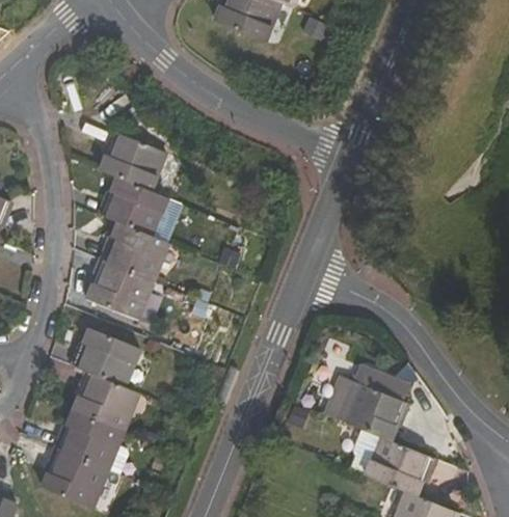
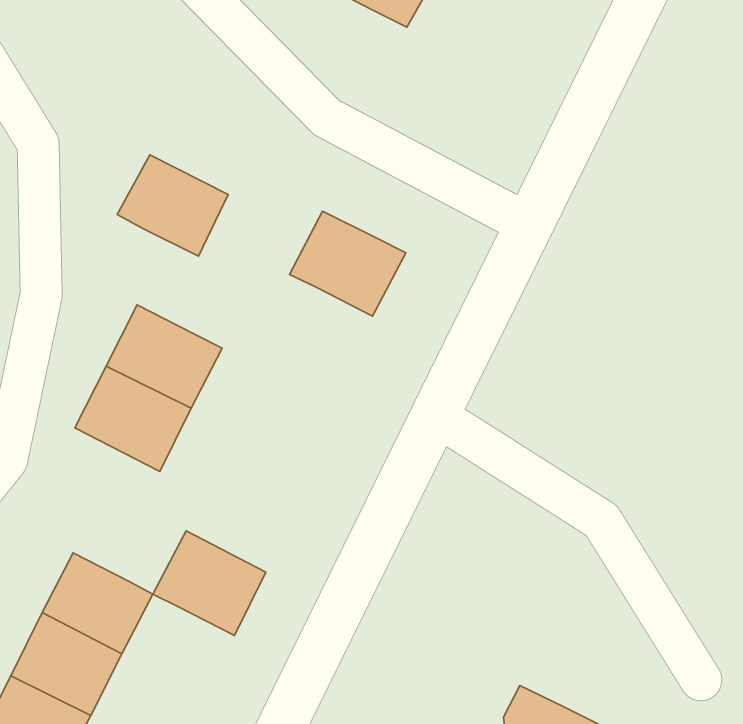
building: [100,176,168,237] -> [289,211,406,316]
building: [75,328,141,388] -> [153,531,266,636]
building: [328,366,411,441] -> none

